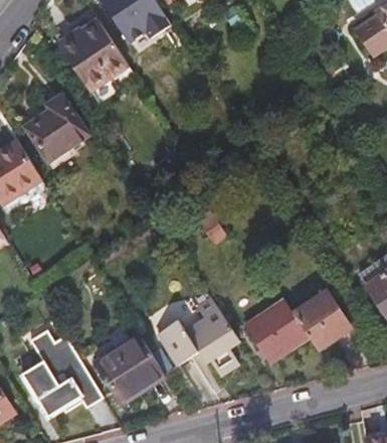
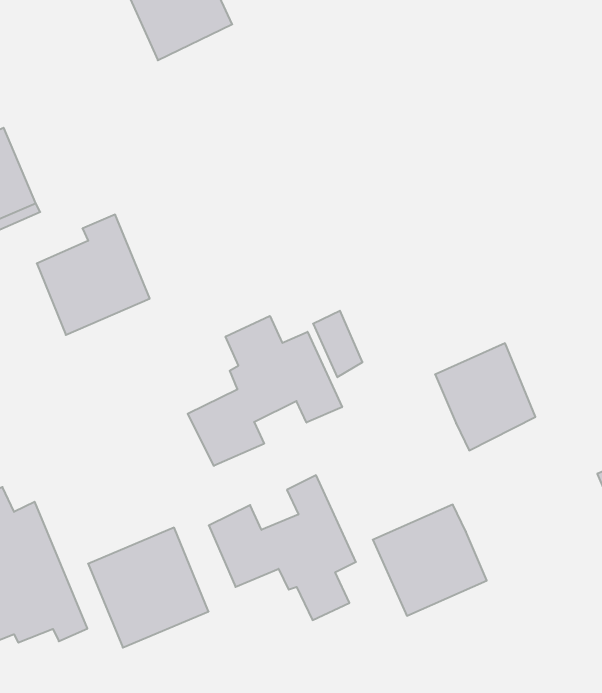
building: [25,94,87,161] -> [37,215,150,335]
building: none -> [188,316,342,466]
building: [293,292,349,351] -> [435,343,535,450]

